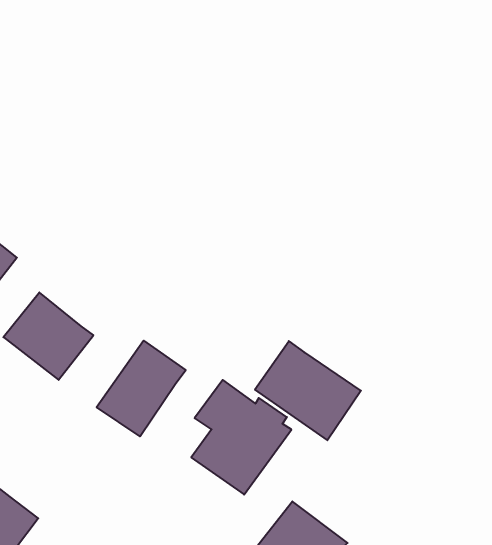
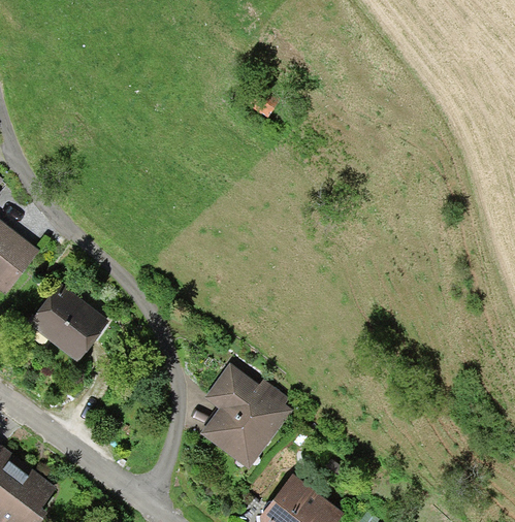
building: [97,341,186,436] -> none
building: [255,341,361,440] -> none

